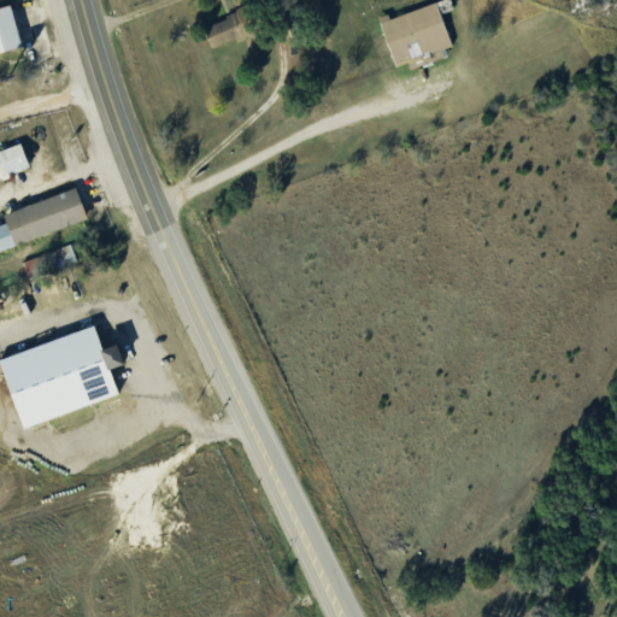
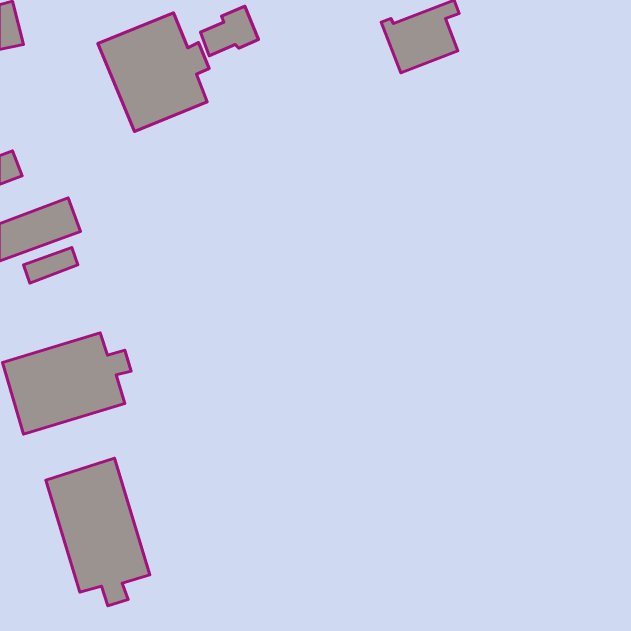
building: none -> [98,13,209,132]
building: none -> [46,458,150,606]

